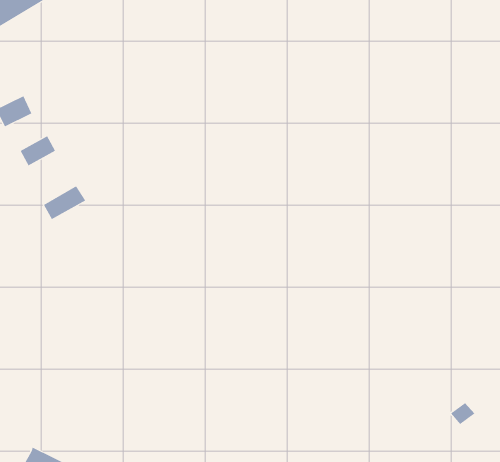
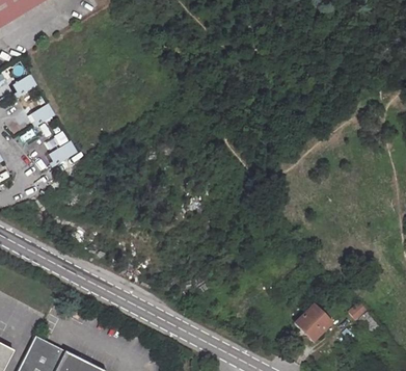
building: none -> [295,306,330,342]

